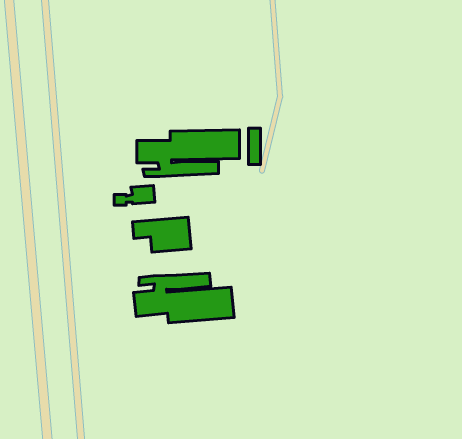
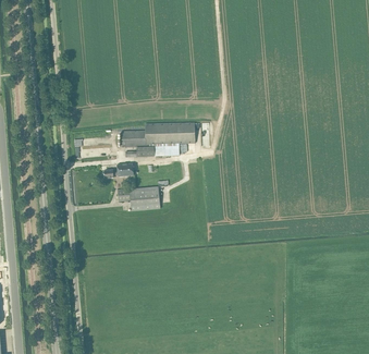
building: [134,273,234,323] -> none

